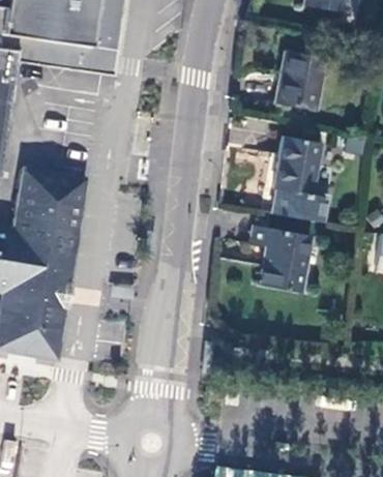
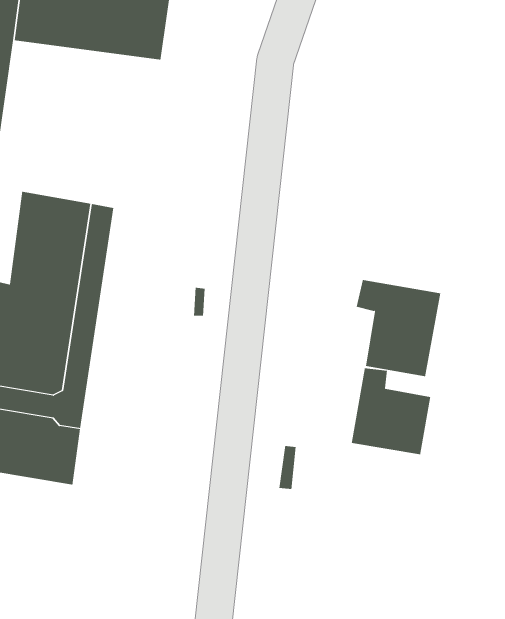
building: [274,51,322,109] -> none
building: [271,136,329,222] -> none
building: none -> [351,367,431,455]

